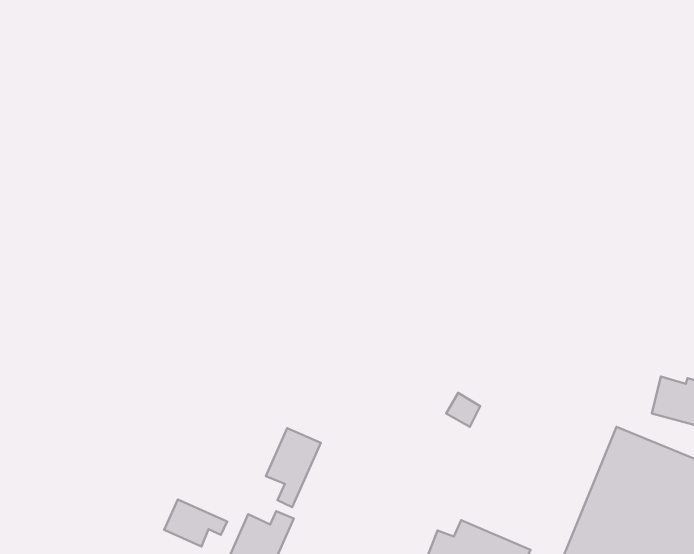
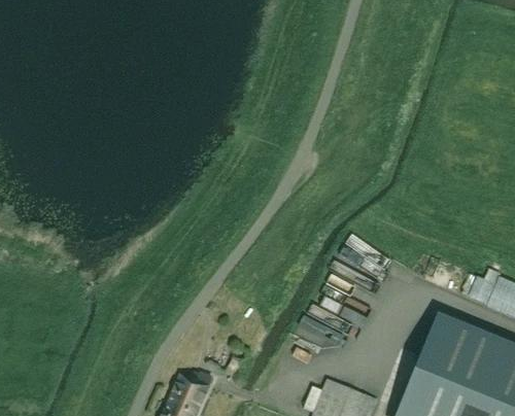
building: [266,428,321,507] -> none
building: [164,500,227,547] -> none

